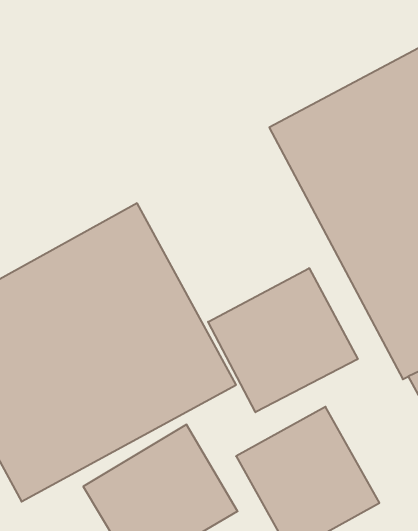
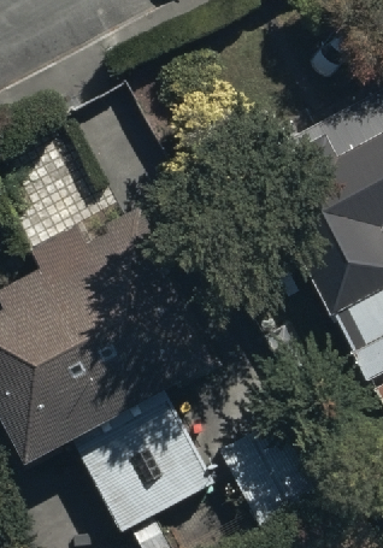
building: [208,268,358,412] -> none

